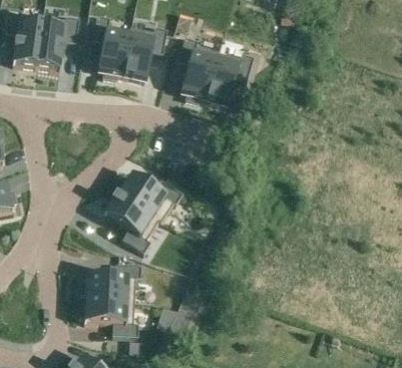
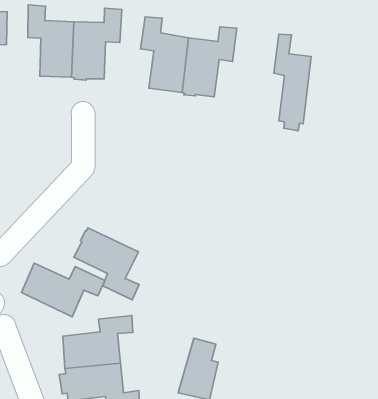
building: none -> [274,34,311,131]
building: [116,171,181,217] -> [21,263,105,317]

